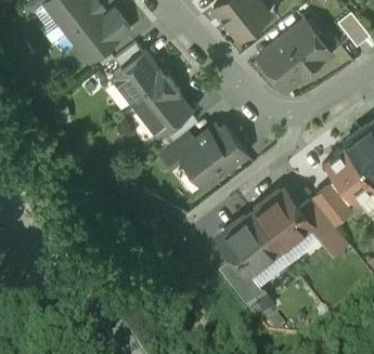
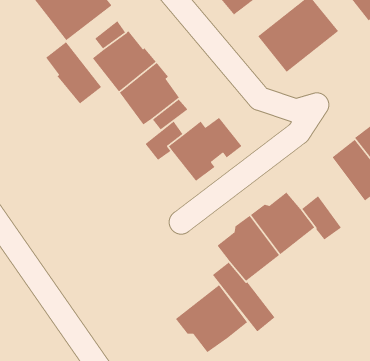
building: none -> [45,41,102,105]
building: [312,186,351,227] -> none
building: none -> [175,284,249,353]

